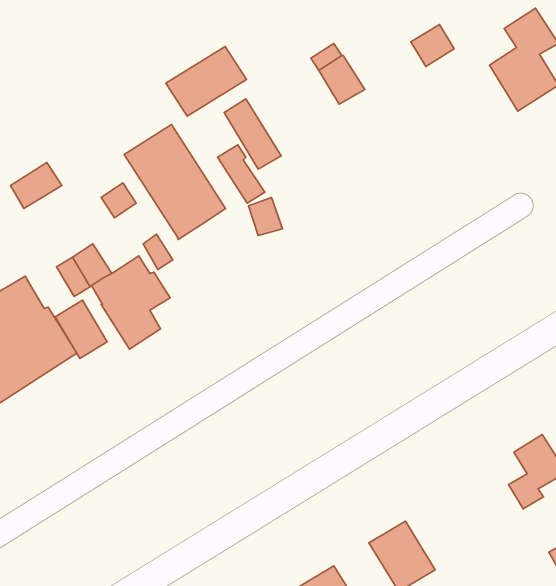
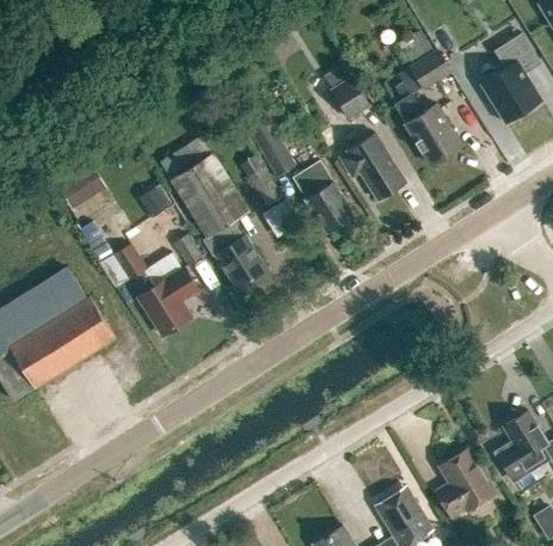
building: [166,46,246,116] -> none
building: none -> [394,93,461,164]
building: none -> [339,134,406,201]
building: none -> [293,161,352,232]
building: none -> [199,222,264,287]
building: [55,300,107,359] -> none
building: none -> [436,448,494,516]

